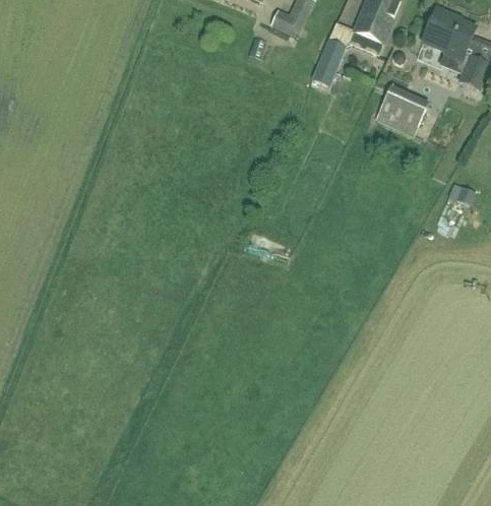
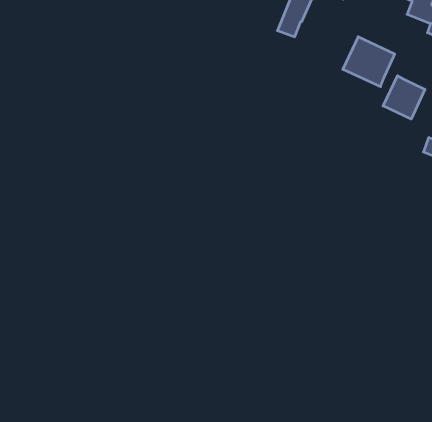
building: none -> [383,76,425,119]

